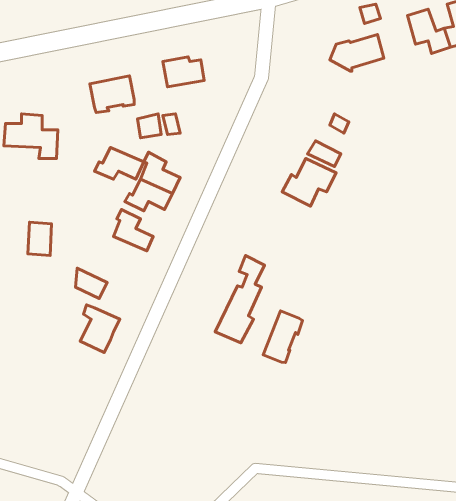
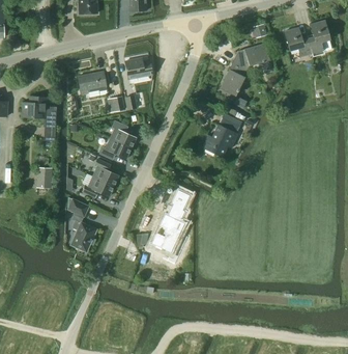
building: none -> [221,61,248,97]
building: [95,147,144,179] -> [82,176,114,197]
building: [263,311,302,362] -> none

